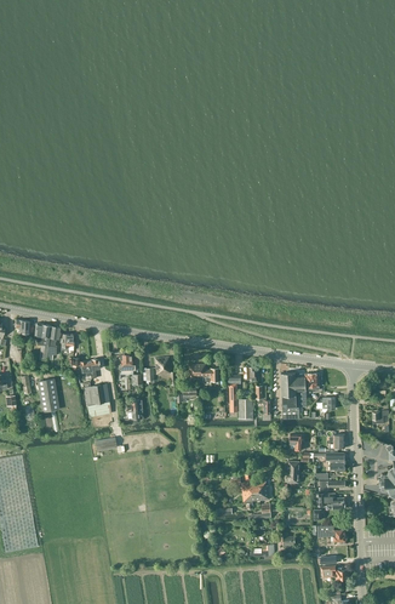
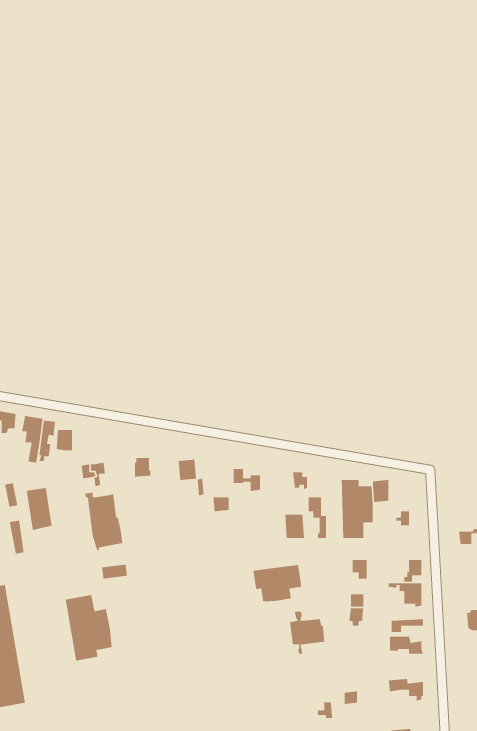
building: none -> [253,564,302,602]
building: none -> [65,594,113,662]

